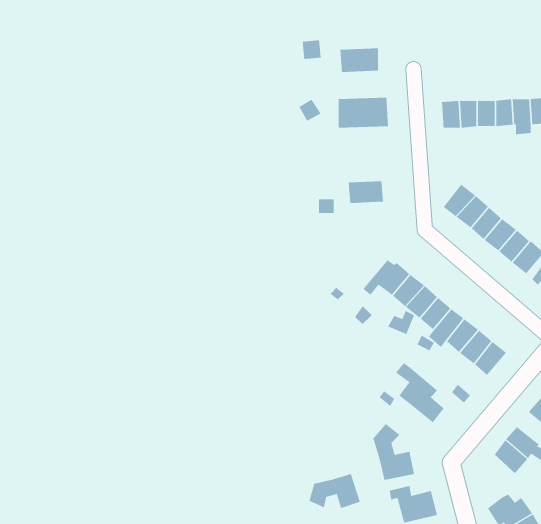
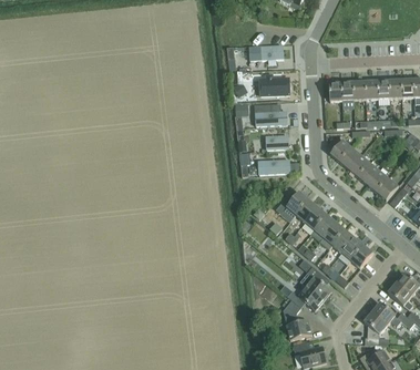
building: none -> [255,112,290,129]
building: none -> [258,162,293,177]
building: none -> [287,285,324,309]
building: [309,473,360,509] -> none

